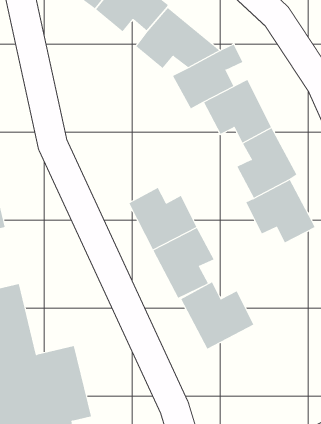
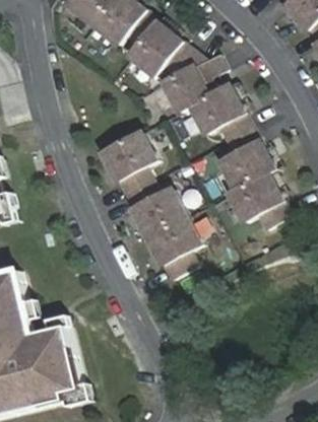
building: none -> [100,132,153,195]
building: [180,282,254,350] -> none

